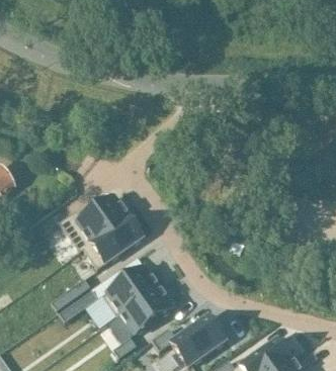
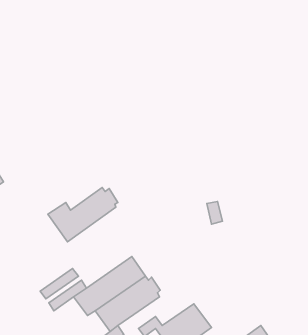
building: [79,215,144,269] -> none

